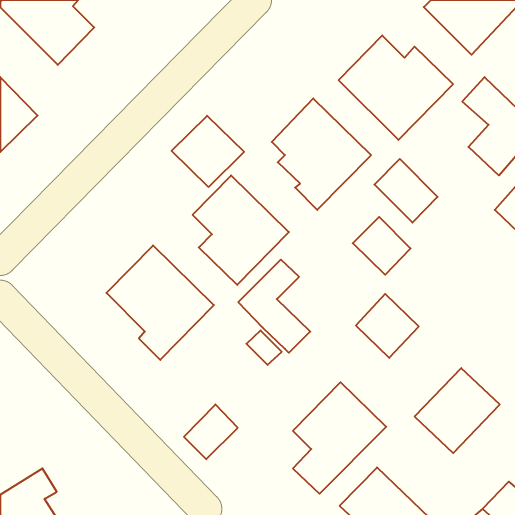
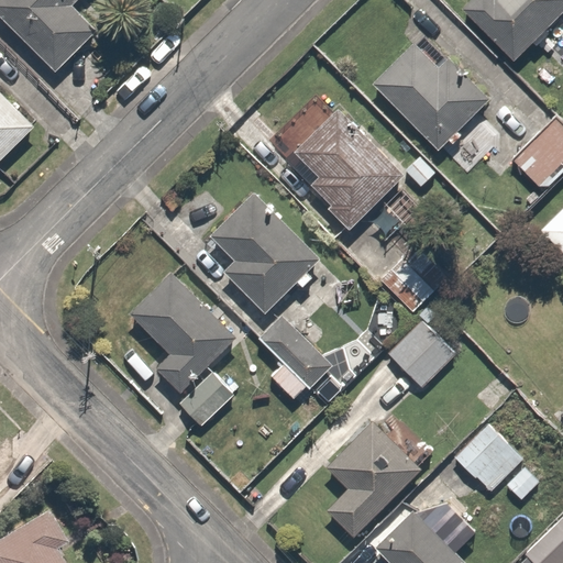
building: [172,116,244,187] -> none
building: [374,159,438,223] -> none
building: [184,404,238,459] -> [178,369,236,429]

